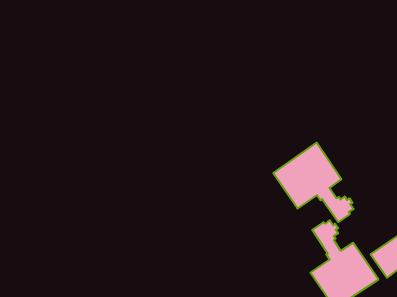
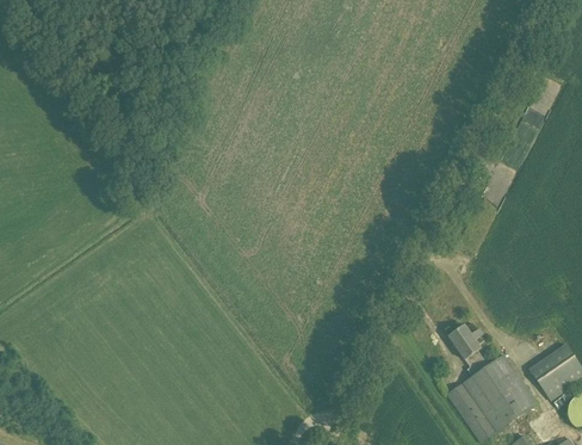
building: [273,143,354,222] -> none

